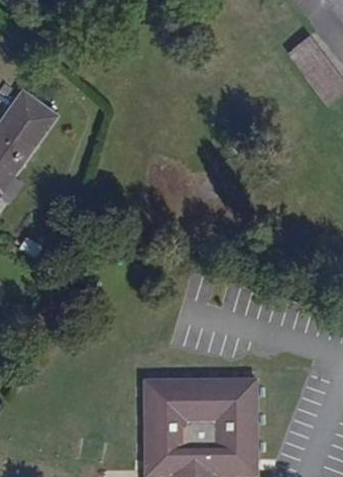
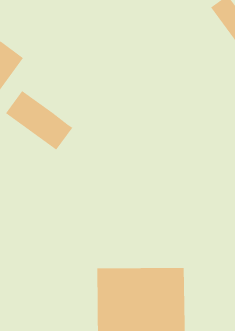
building: none -> [5,90,73,151]

